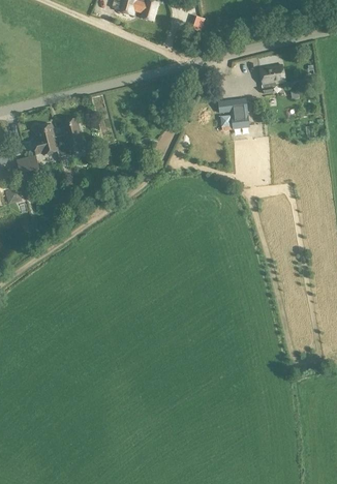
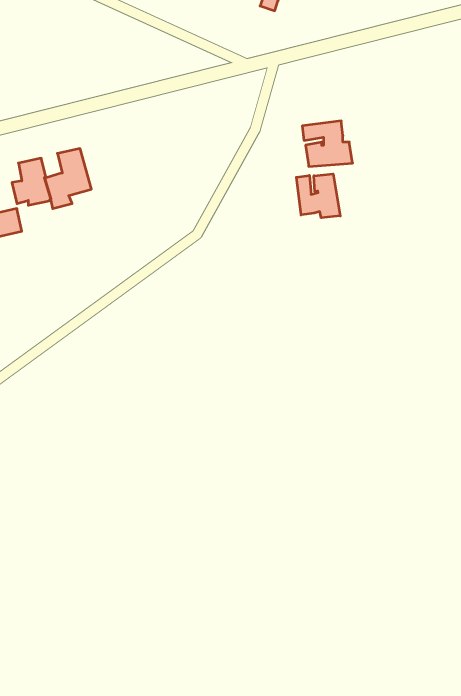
building: [259,63,285,92] -> none
building: none -> [296,174,340,218]

